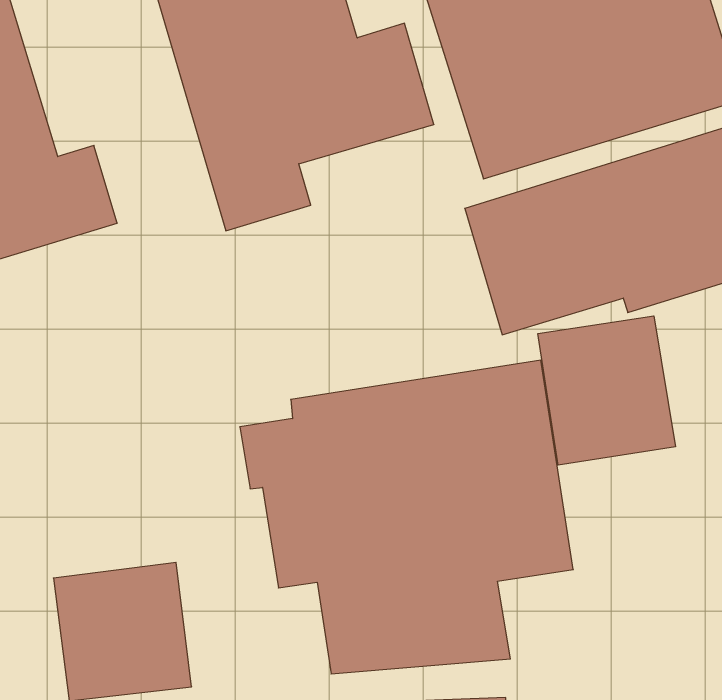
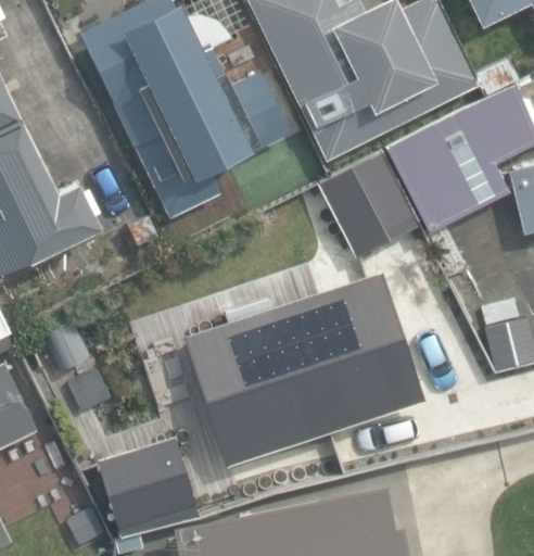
building: [538,316,675,465] -> none

